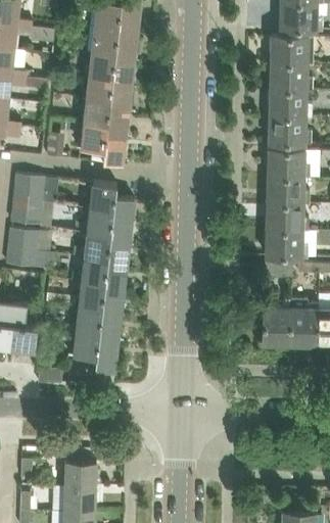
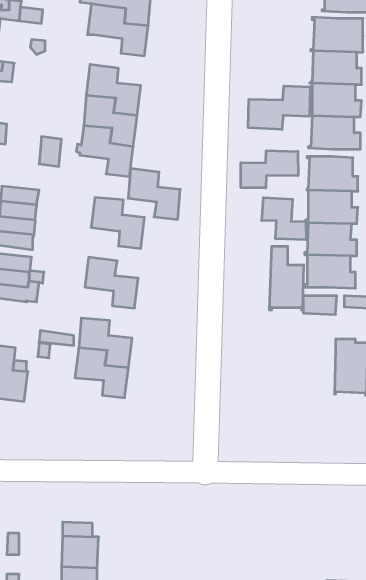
building: [85,50,133,92] -> none
building: none -> [248,86,310,130]
building: none -> [241,151,298,188]
building: none -> [262,198,306,240]
building: [87,208,130,250] -> [128,168,180,219]
building: [81,257,125,299] -> none
building: [262,293,290,345] -> [269,246,304,310]
building: [73,332,116,386] -> none

